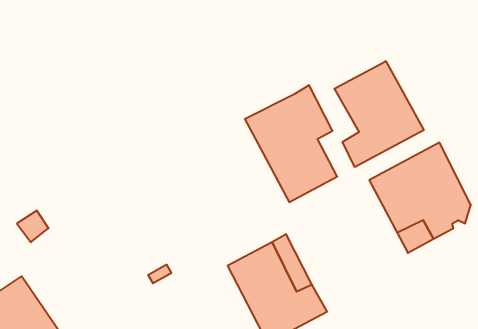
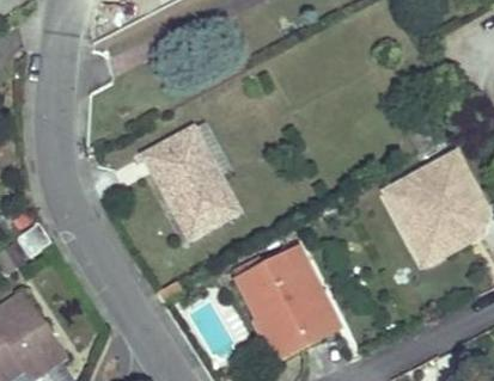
building: [334,61,424,167] -> none
building: [245,85,337,202] -> [142,118,237,238]

